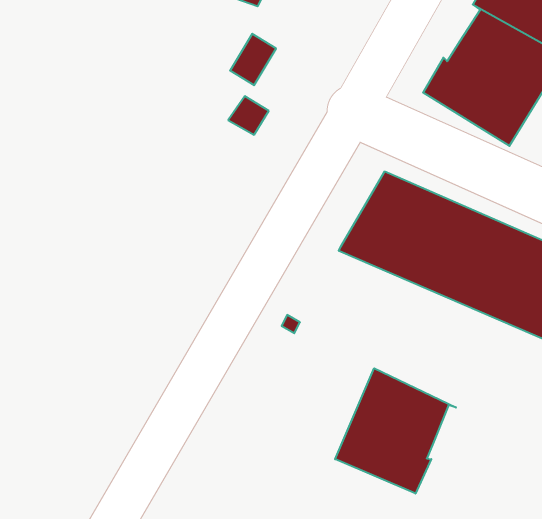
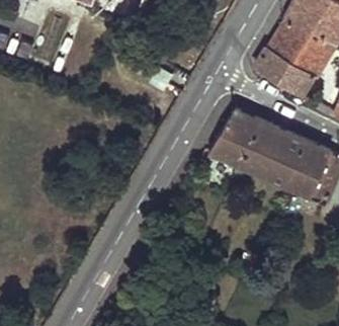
building: [335,368,456,494] -> none

